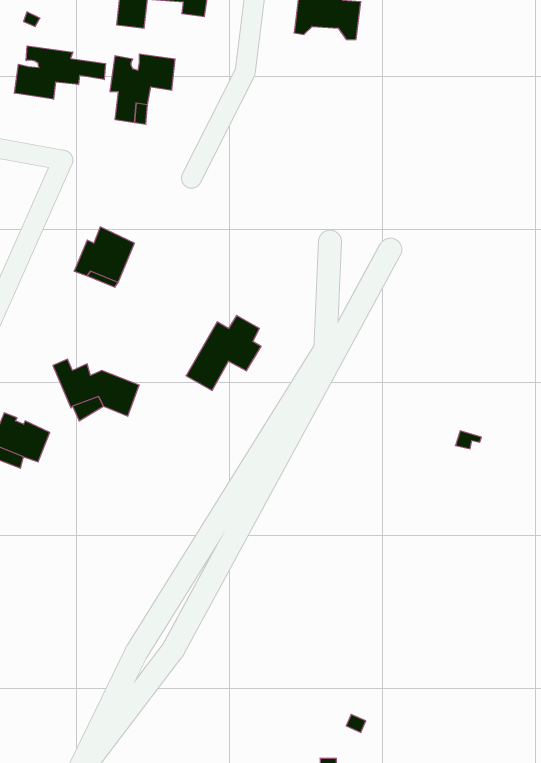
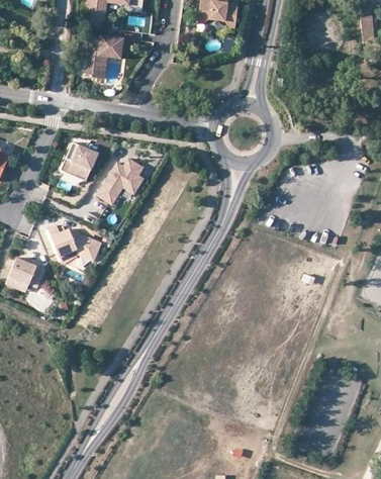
building: [14,46,106,99] -> none
building: [186,315,261,390] -> [96,159,142,205]

